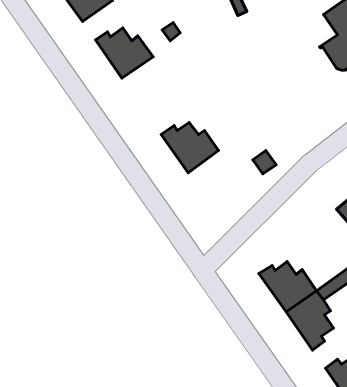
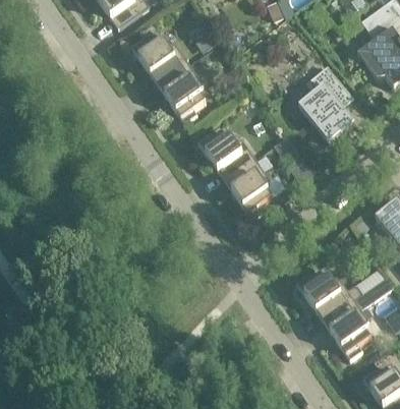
building: none -> [157,63,205,123]
building: none -> [297,65,353,141]
building: none -> [224,158,272,218]

